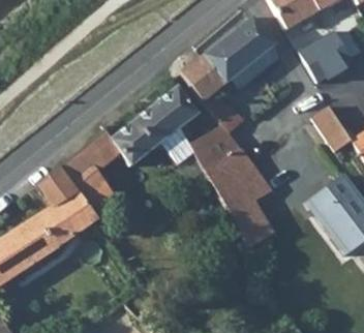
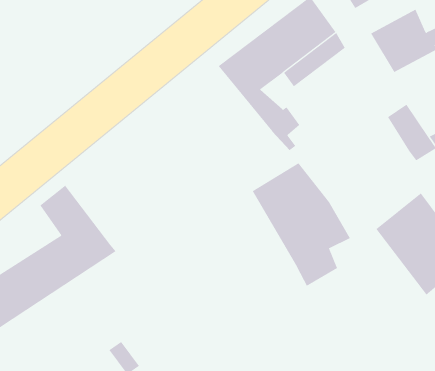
building: [58,88,198,215] -> none
building: [190,125,243,173] -> none

